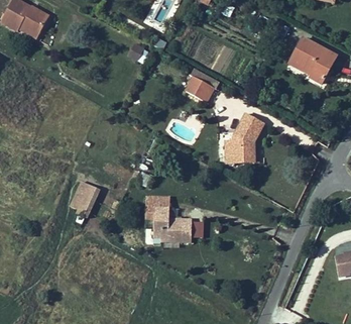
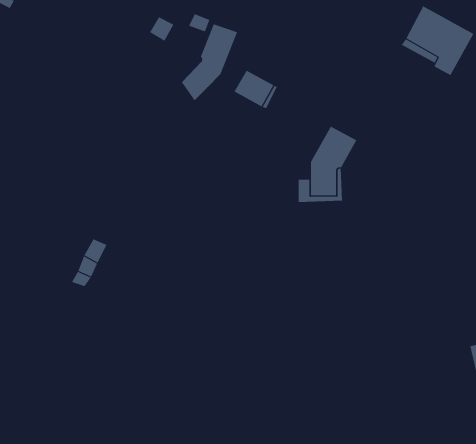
building: none -> [181,24,238,101]
building: [145,198,189,244] -> none

